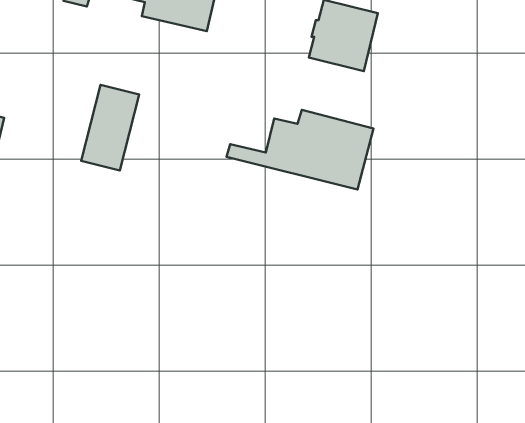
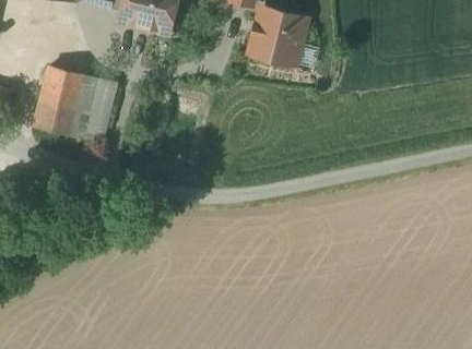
building: none -> [35,63,85,132]
building: [227,110,374,190] -> none

